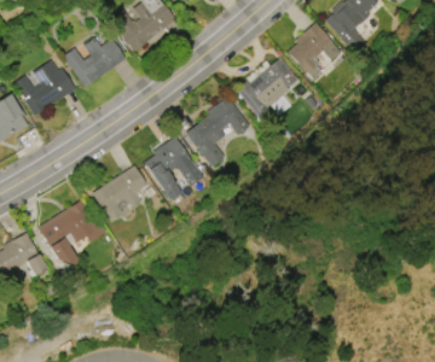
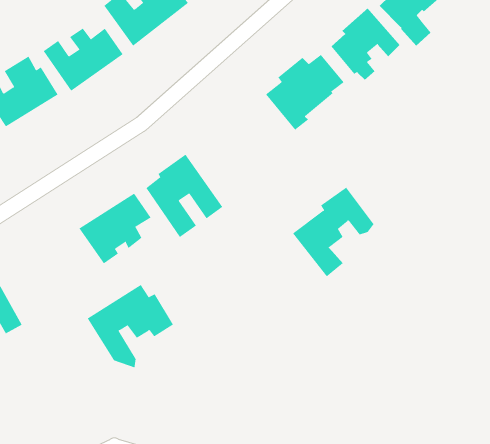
building: [186,97,250,167] -> [292,187,375,277]
building: [39,200,106,265] -> [87,284,174,368]

